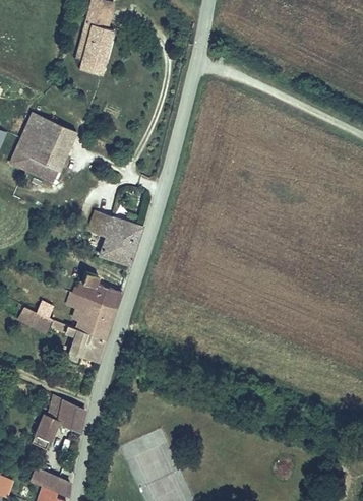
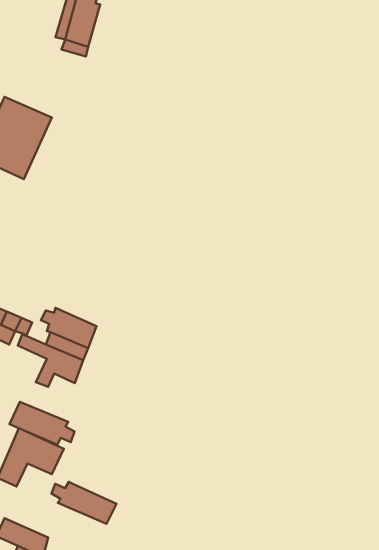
building: [86,213,138,266] -> none
building: [78,273,122,308] -> none
building: none -> [10,402,74,445]
building: none -> [52,482,116,524]

